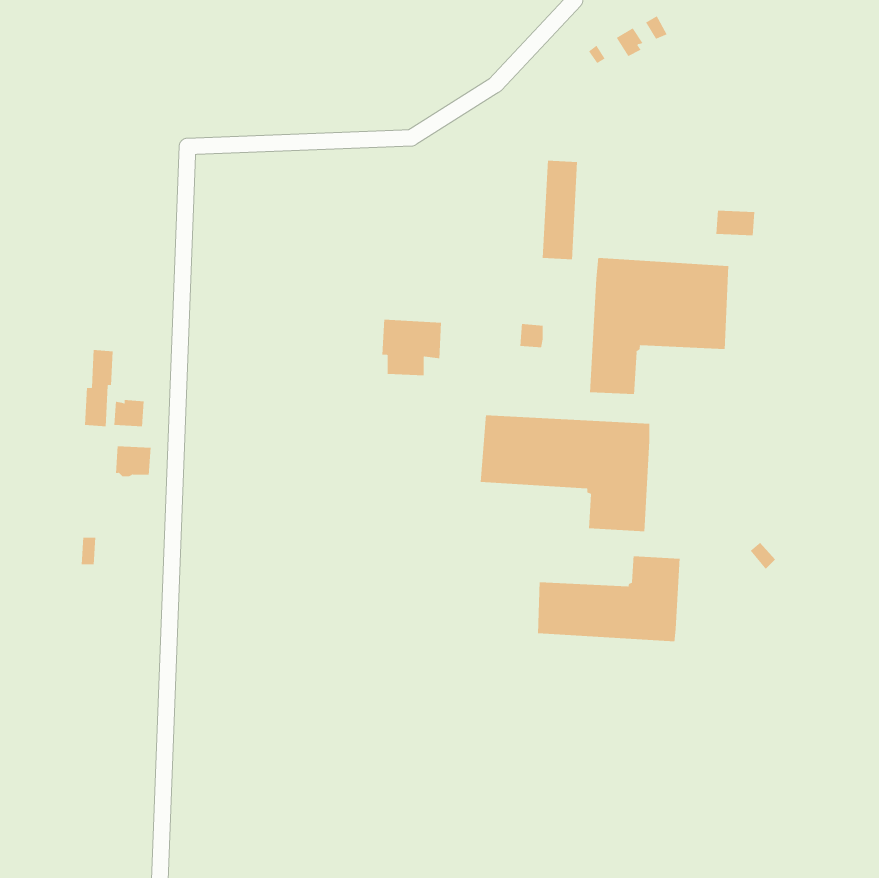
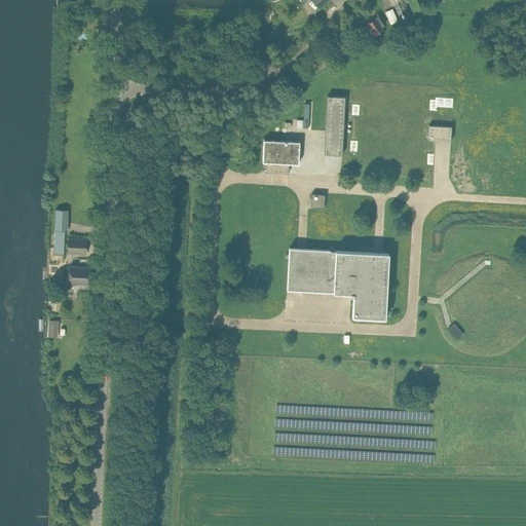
building: [589,257,729,395] -> none
building: [382,319,442,376] -> [263,141,299,175]
building: [537,556,680,642] -> none

